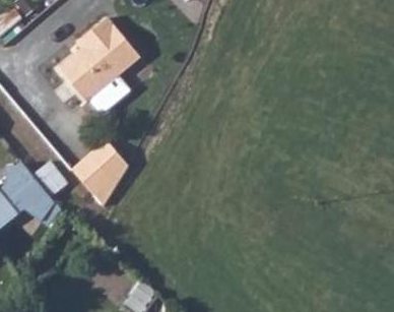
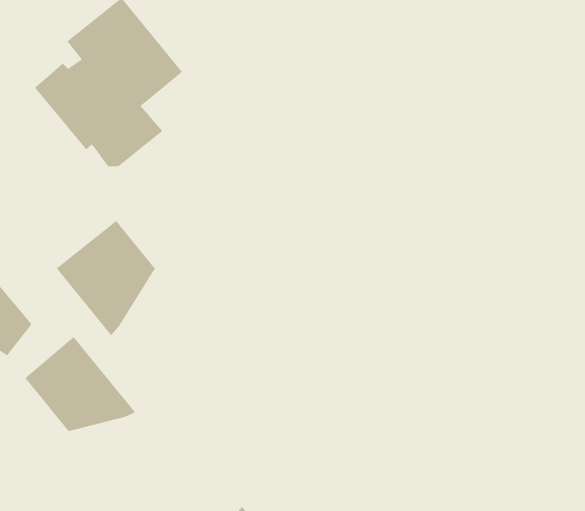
building: none -> [24,336,136,432]

